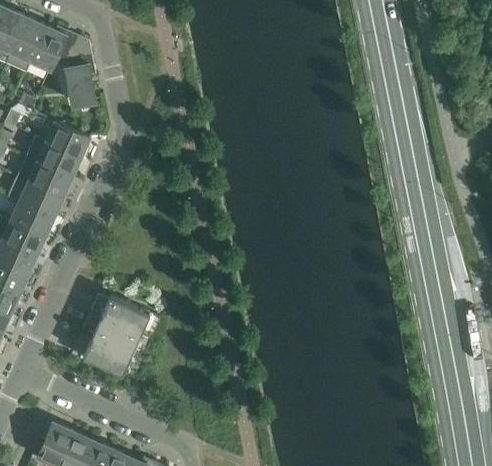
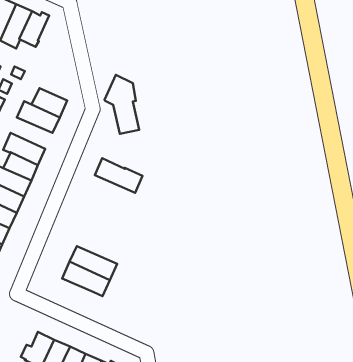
building: [52,32,95,105] -> [104,75,139,134]
building: [18,158,70,197] -> none
building: [100,296,159,339] -> [95,158,143,193]

